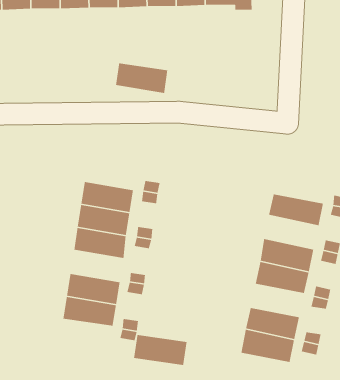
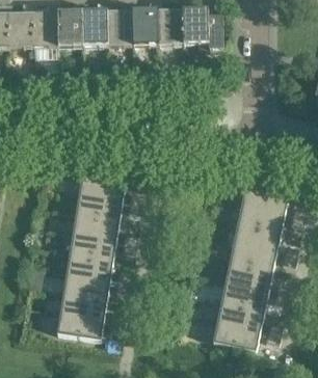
building: [115,63,168,94] -> [78,174,124,201]
building: none -> [240,184,288,213]
building: none -> [232,223,280,252]
building: none -> [65,253,112,280]
building: none -> [220,282,267,311]
building: [133,334,188,366] -> [56,313,103,340]

